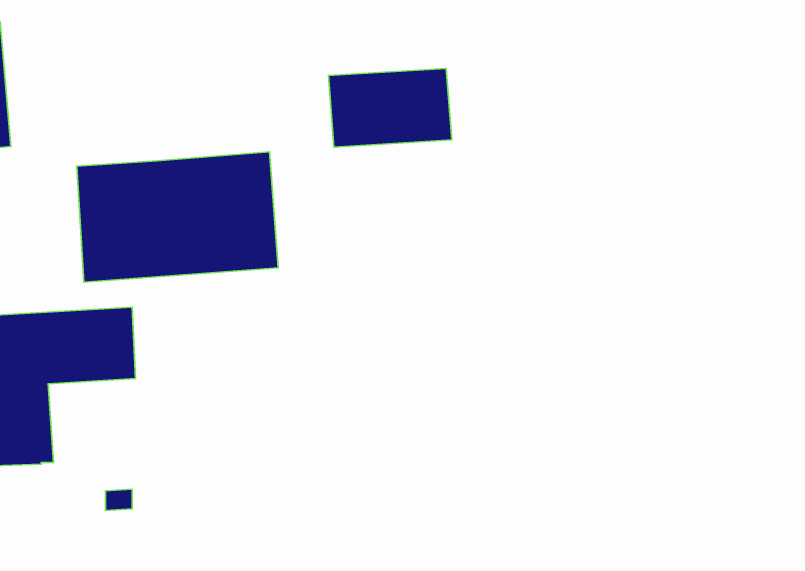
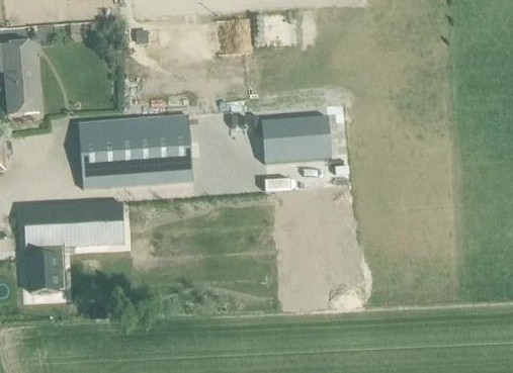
building: [329,69,452,147] -> [261,118,331,163]

